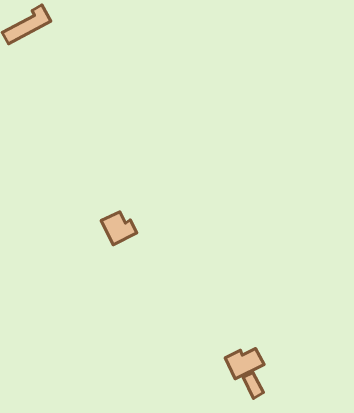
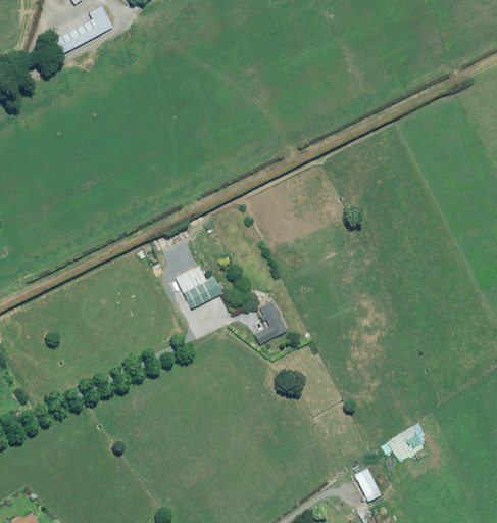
building: none -> [255,301,287,343]
building: [225,348,264,379] -> none

